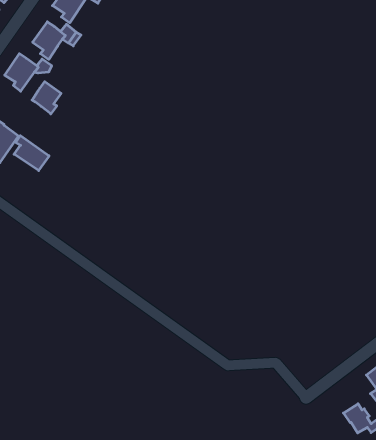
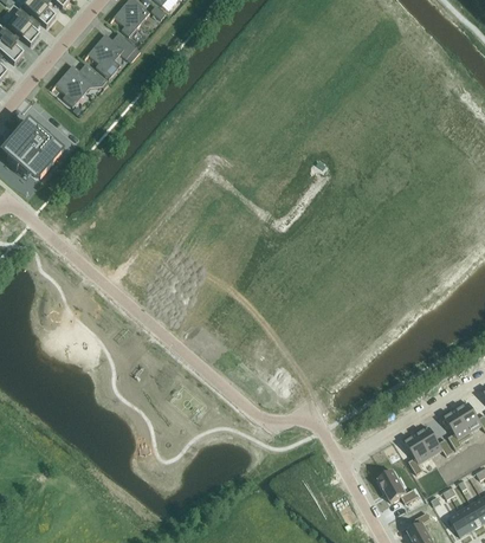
building: [32,82,61,114] -> none
building: [14,136,49,171] -> none

